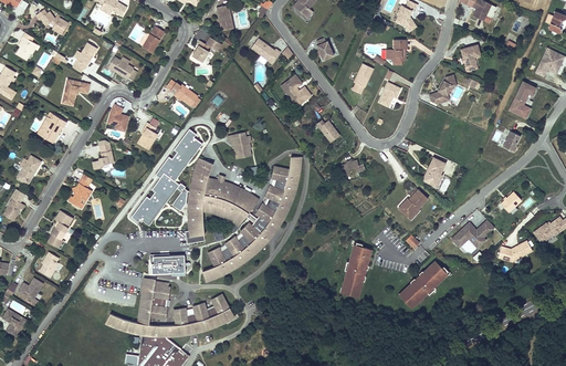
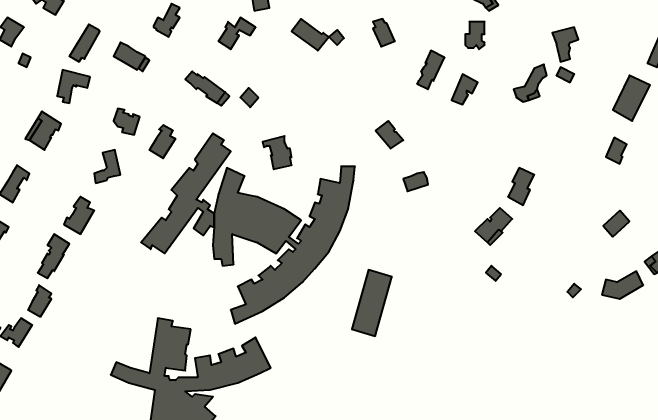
building: [281,74,312,106] -> none
building: [452,219,494,248] -> none
building: [339,244,371,297] -> [352,270,392,336]
building: [150,257,184,275] -> none
building: [399,260,448,307] -> none

